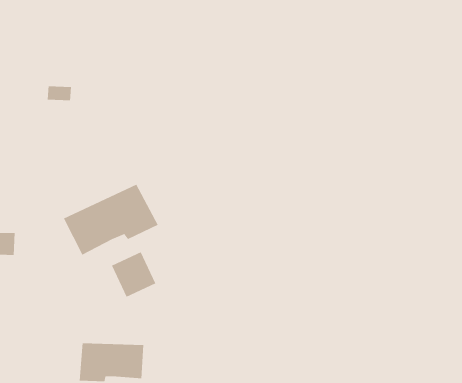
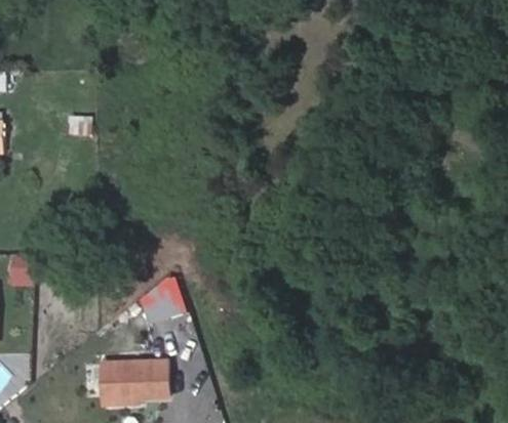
building: [63,184,158,256] -> none

